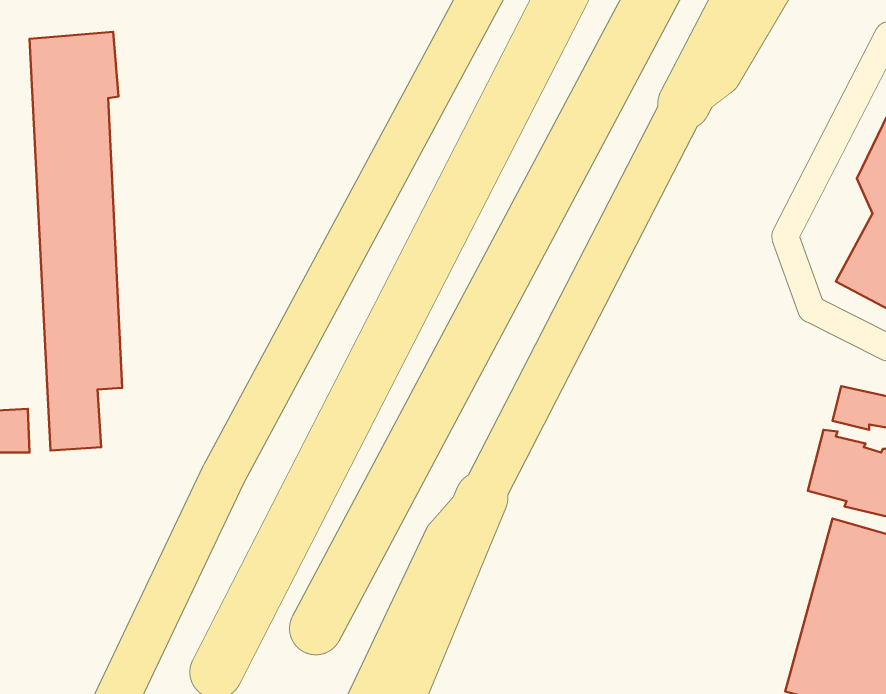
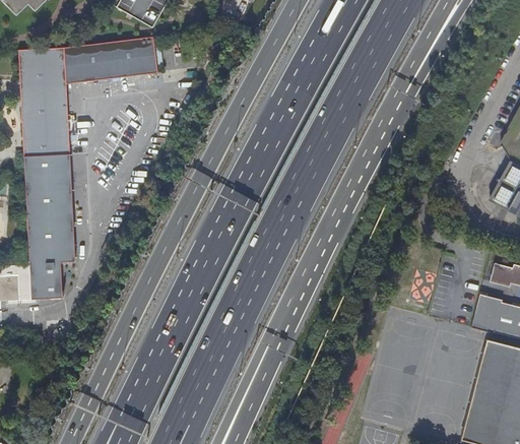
building: none -> [69,45,159,90]

